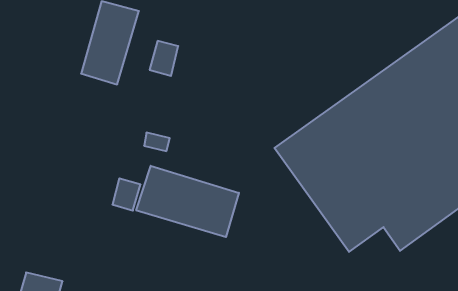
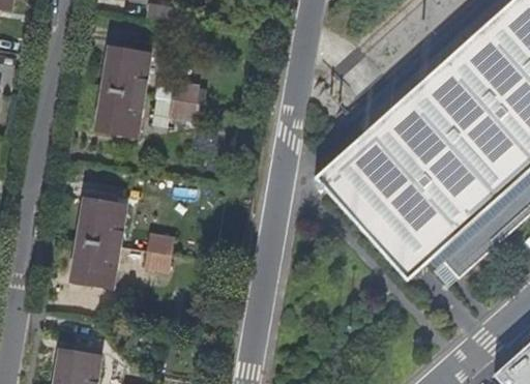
building: none -> [71,199,126,287]
building: [136,166,239,237] -> none

